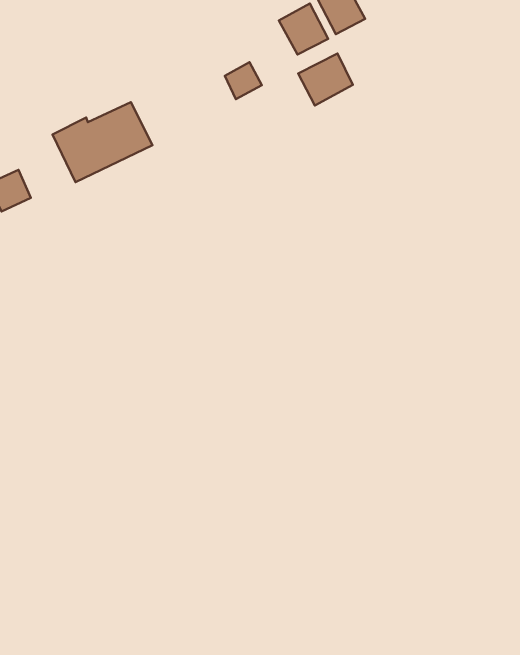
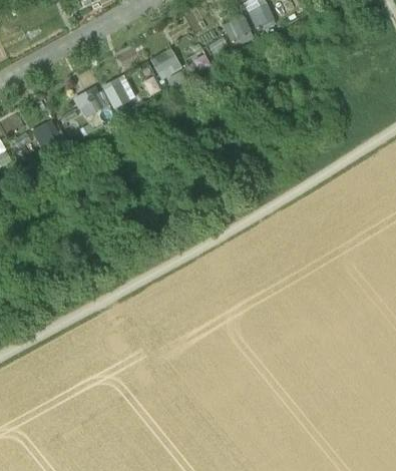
building: [298,53,353,105] -> none
building: none -> [149,48,180,77]

